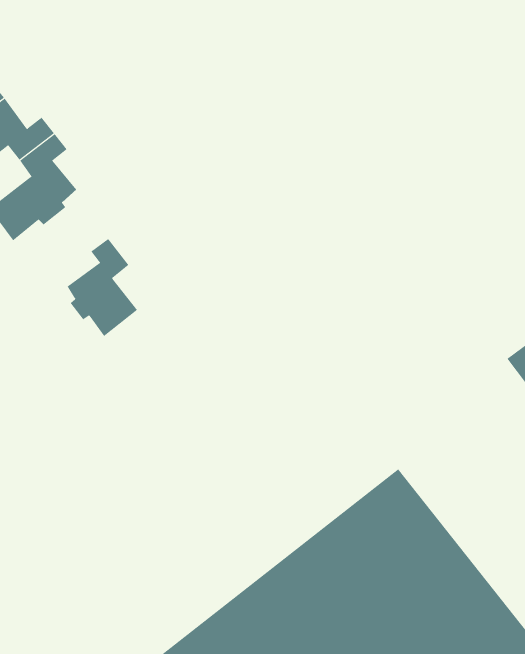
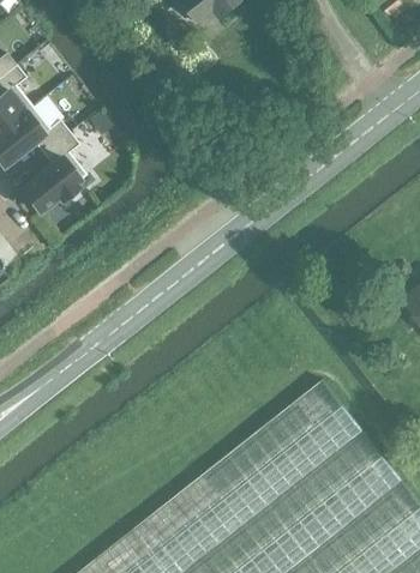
building: [67,238,138,337] -> none

